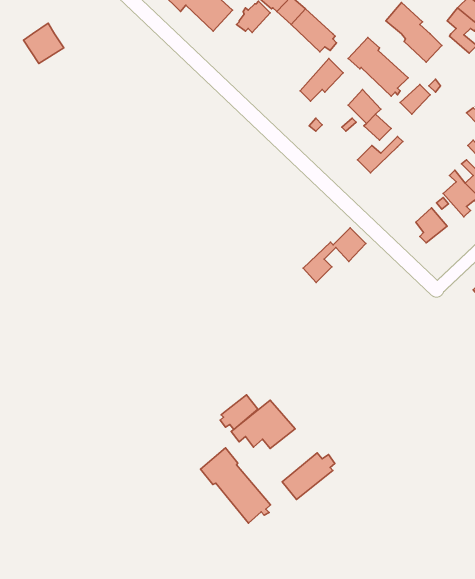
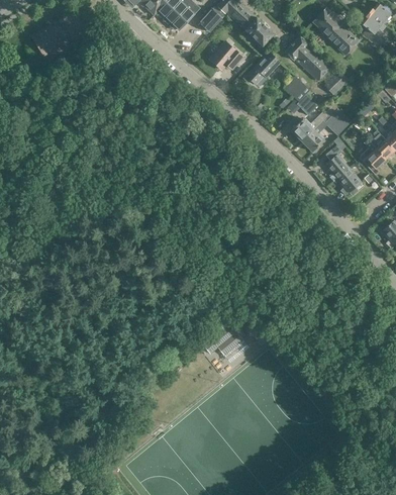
building: none -> [211,42,243,70]
building: none -> [325,145,350,181]
building: [303,228,366,282] -> [302,109,351,152]
building: [220,395,258,429] -> none
building: [200,448,271,523] -> none
building: [282,453,335,499] -> none

